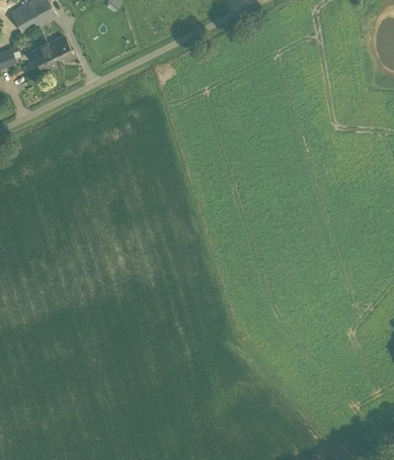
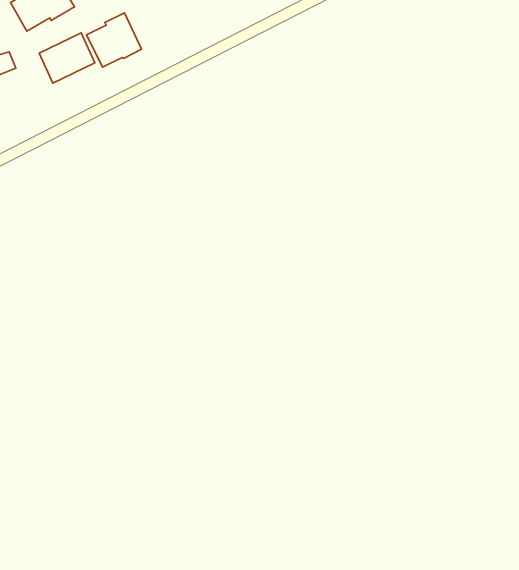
building: none -> [87,13,141,67]

